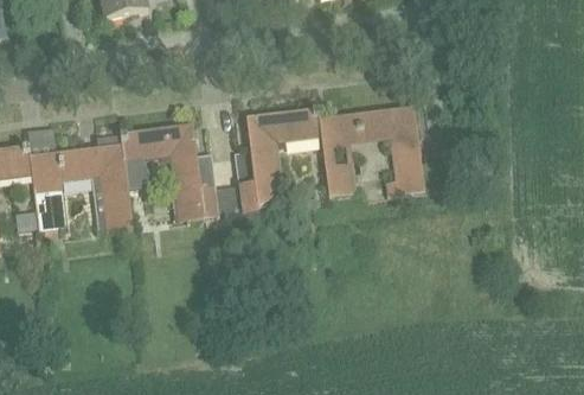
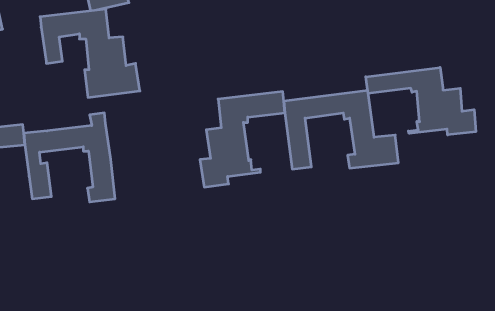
building: none -> [366,67,476,135]
building: [120,123,231,222] -> [40,9,140,97]

